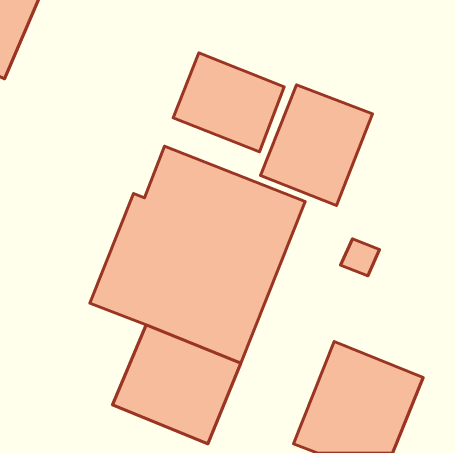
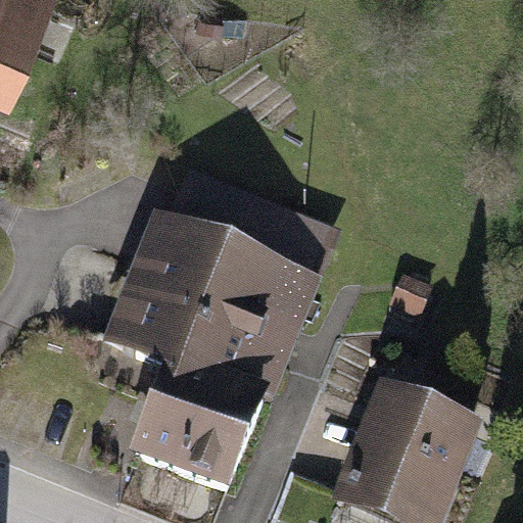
building: [173,53,284,152] -> none
building: [261,85,373,206] -> none

